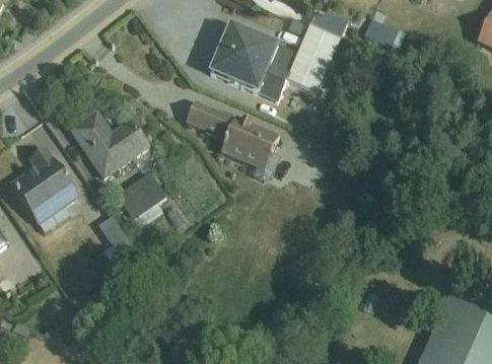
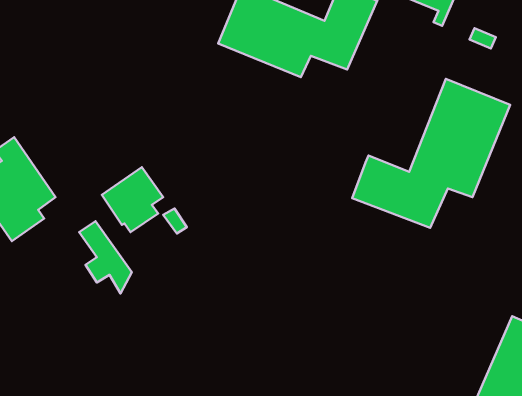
building: [185,98,278,177] -> none
building: none -> [352,79,510,228]
building: [71,112,149,176] -> none

